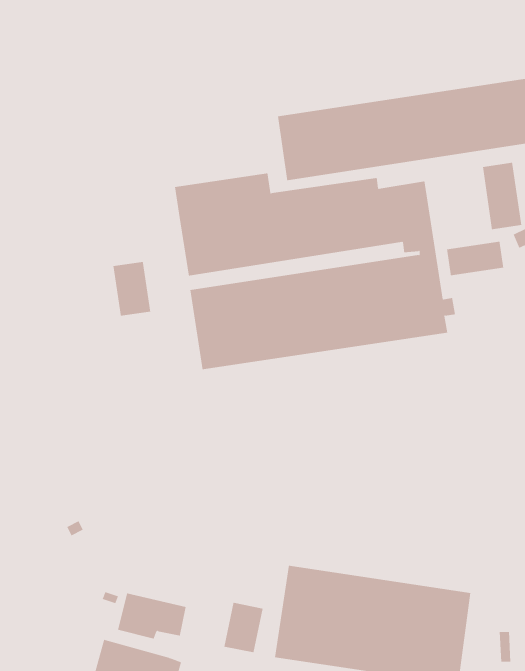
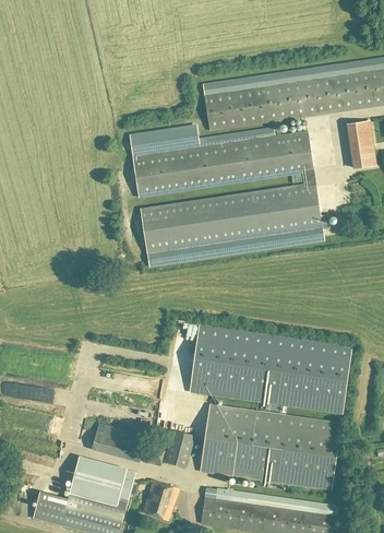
building: [447,241,504,276] -> none
building: [113,261,151,317] -> none
building: none -> [189,325,350,413]

